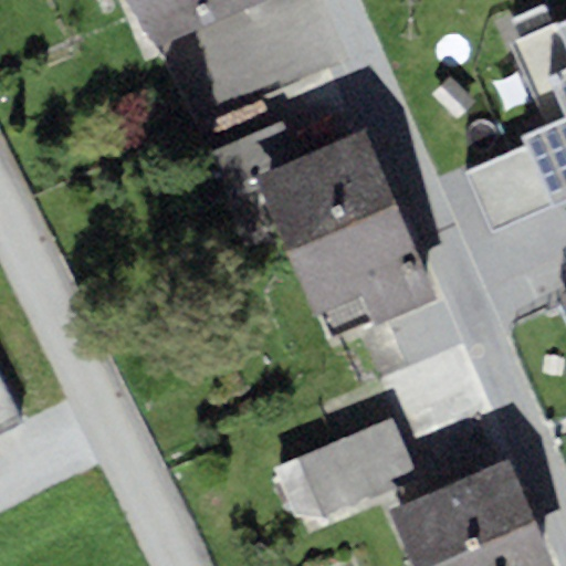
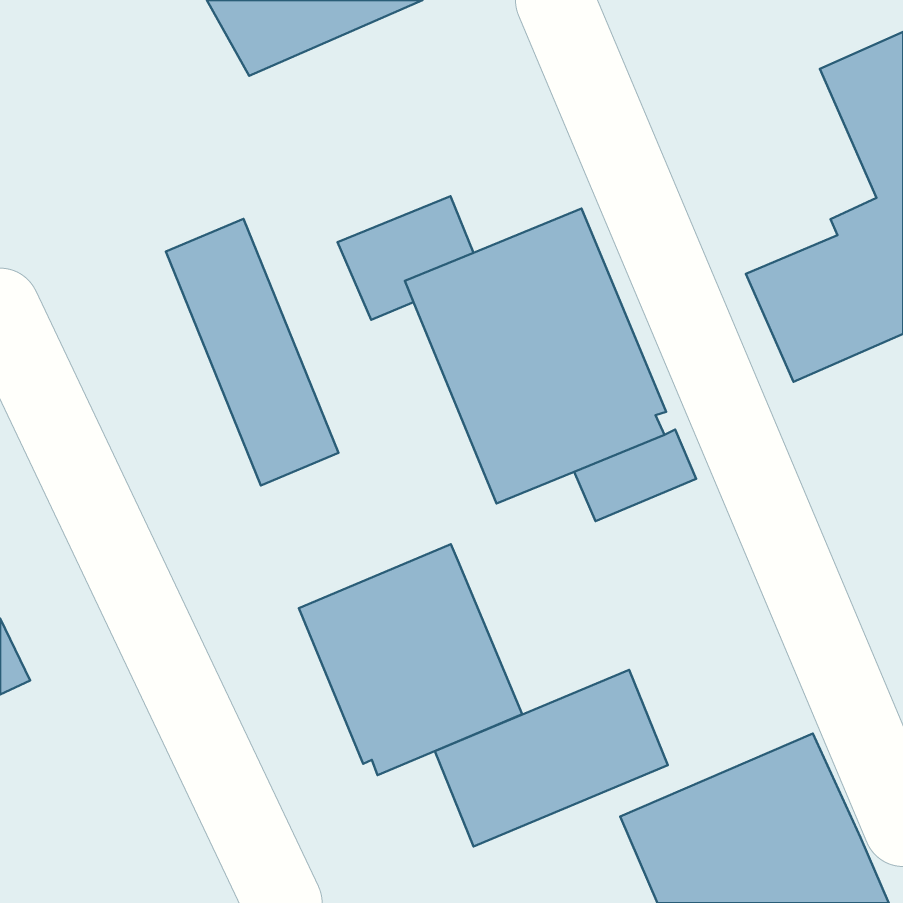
building: none -> [166,219,339,486]
building: none -> [299,544,522,775]

